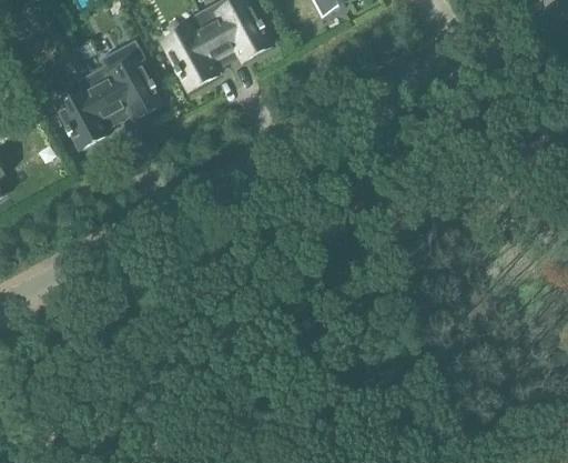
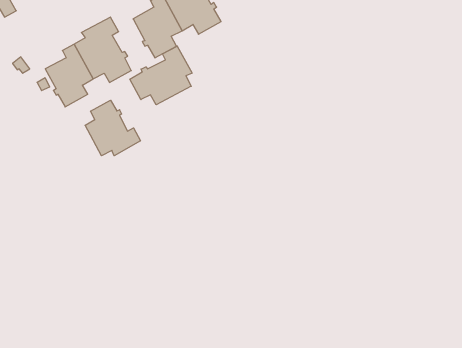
building: none -> [130,46,192,105]
building: none -> [85,100,140,156]

